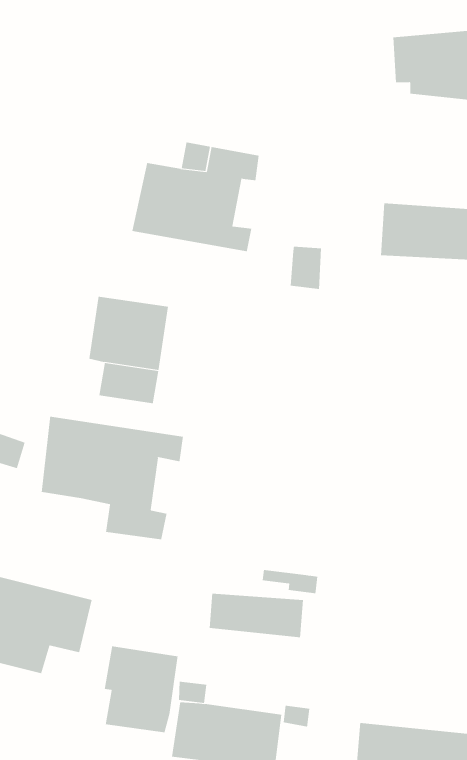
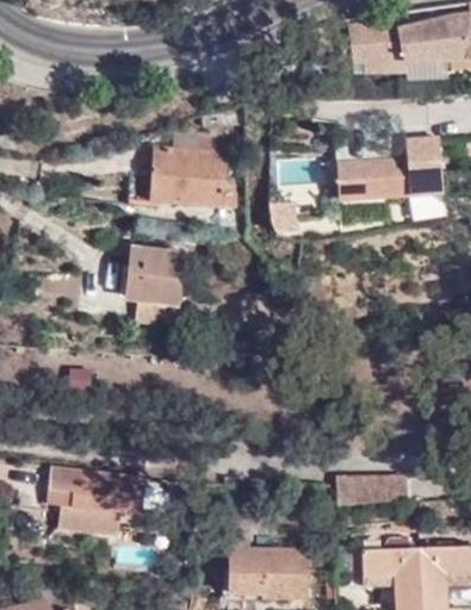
building: [41,416,183,540] -> none
building: [209,593,304,638] -> [341,472,411,502]
building: [104,645,178,733] -> none

